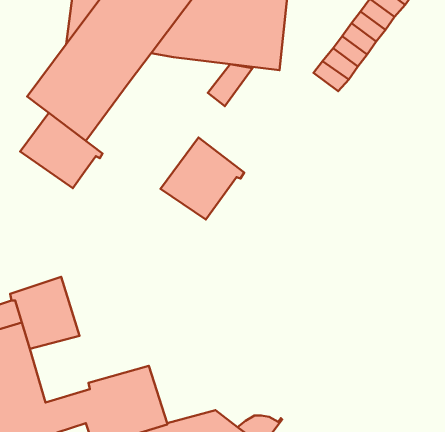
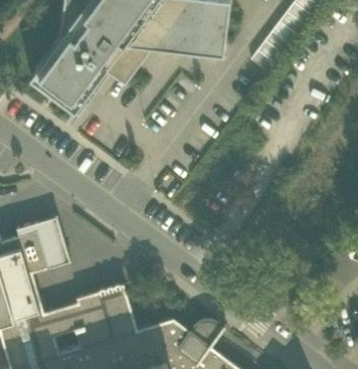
building: [208,64,252,106] -> [108,46,142,78]
building: [20,113,102,188] -> none
building: [160,137,244,220] -> none

